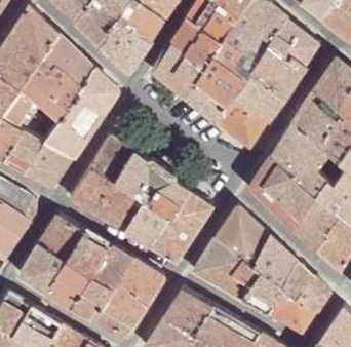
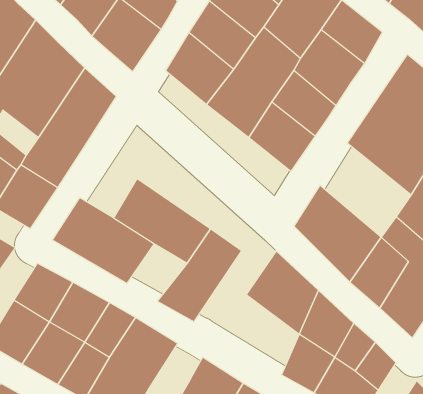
building: [272,126,341,197] -> none
building: [91,138,134,183] -> none
building: [127,202,172,245] -> none
building: [195,240,257,301] -> none

